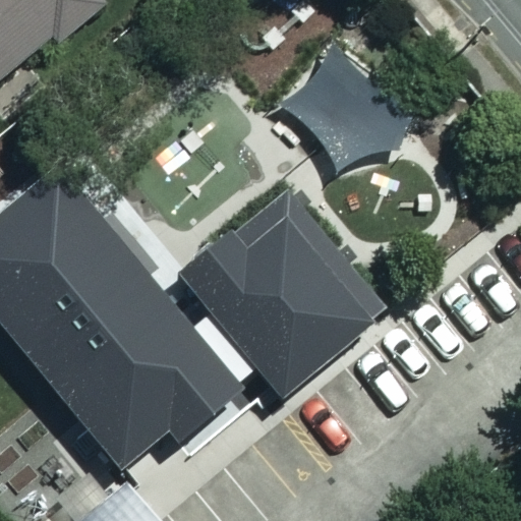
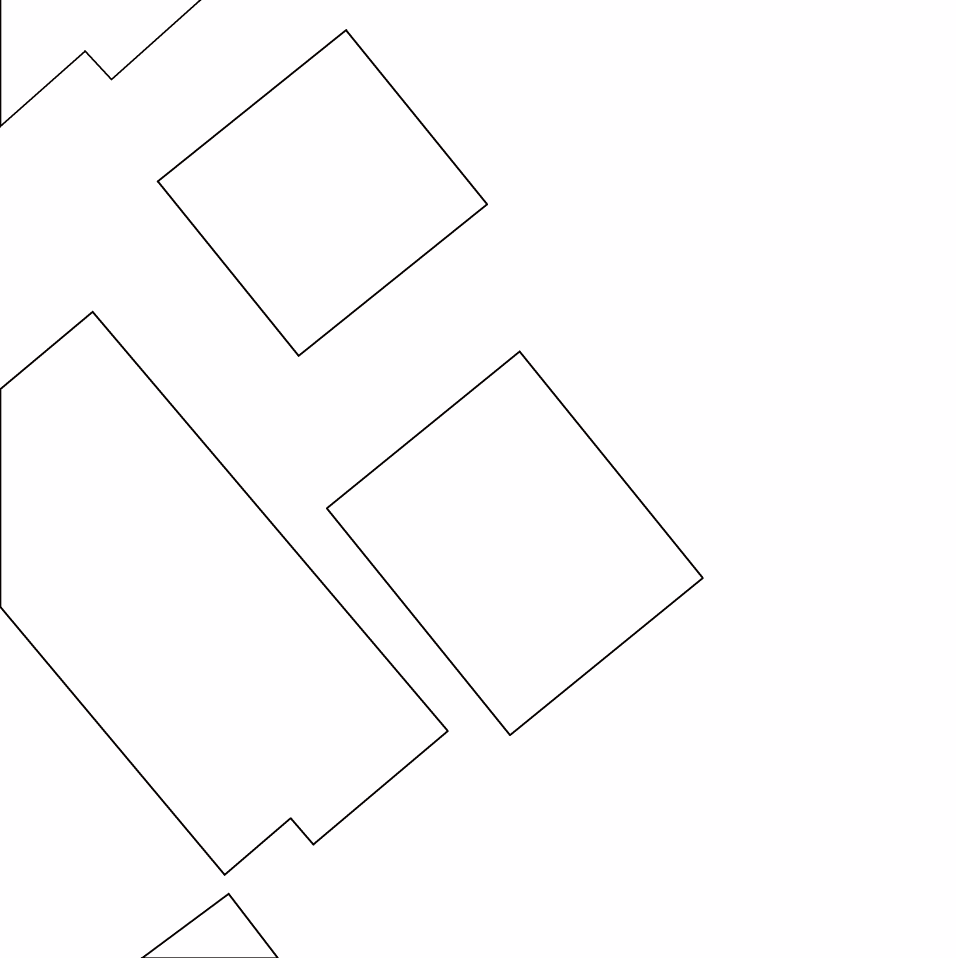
building: none -> [158,30,487,356]
building: [283,41,415,165] -> none

